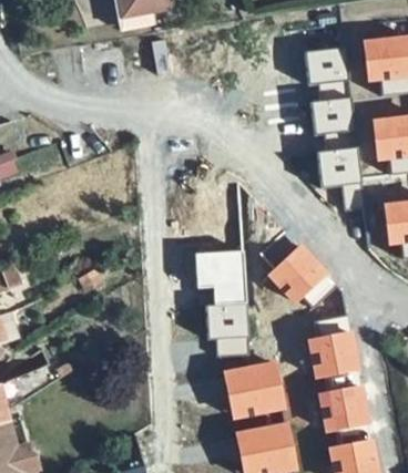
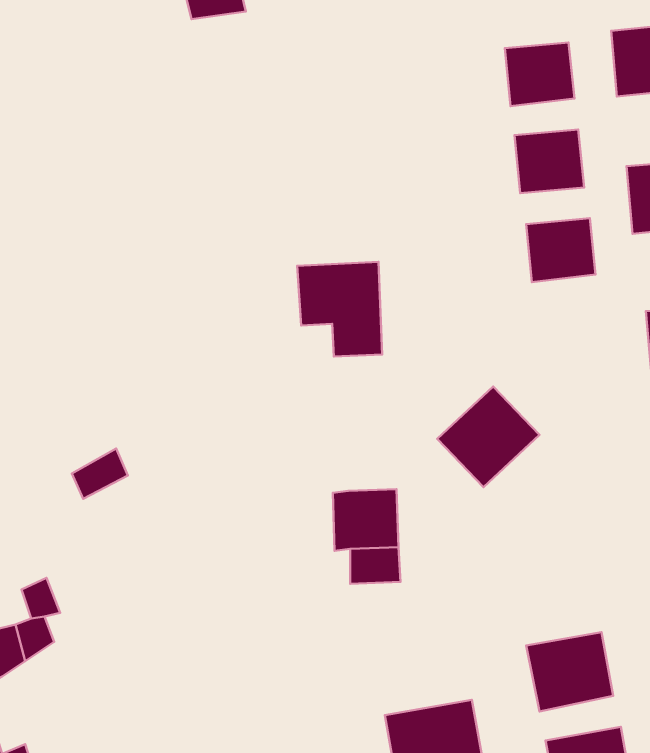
building: [195,250,244,305] -> [297,262,382,357]
building: [308,330,358,377] -> none
building: [224,362,283,415] -> none

